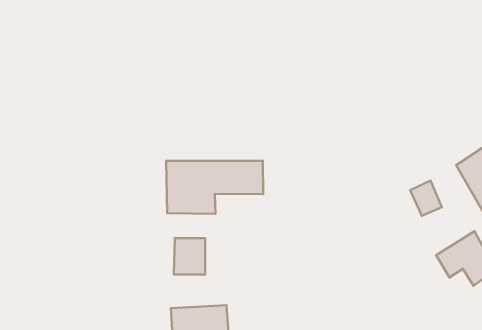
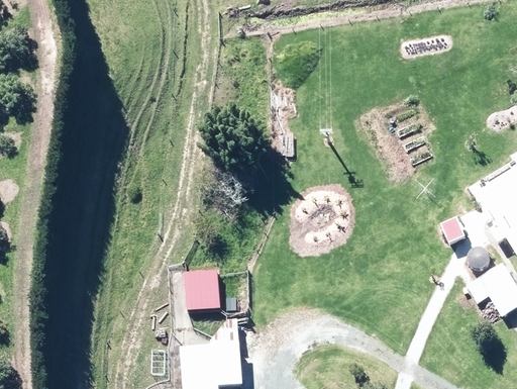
building: [166,161,263,214] -> none

